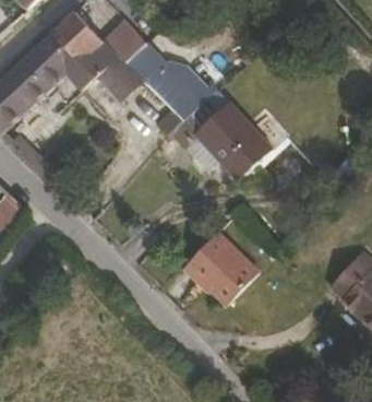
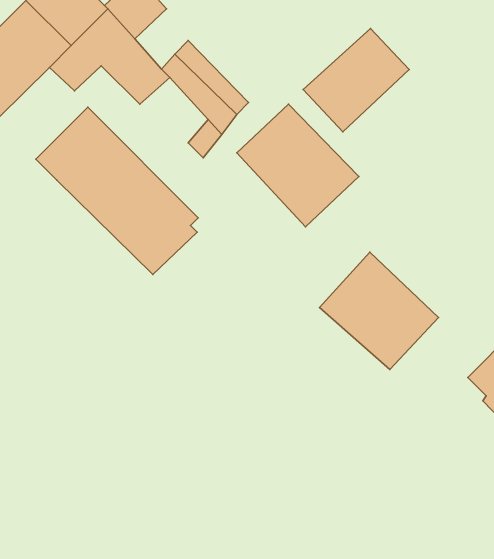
building: none -> [303,28,409,132]
building: none -> [36,107,198,275]
building: [184,227,262,304] -> [320,252,438,370]

